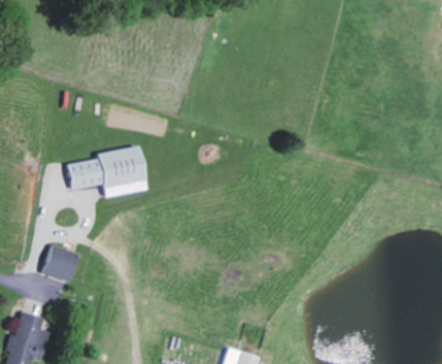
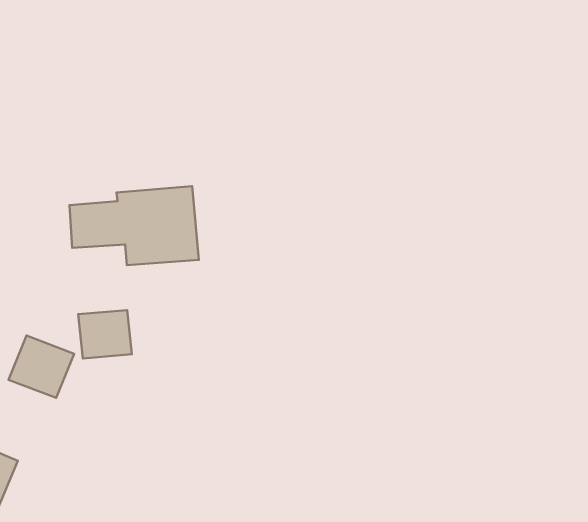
building: none -> [78,310,132,358]

